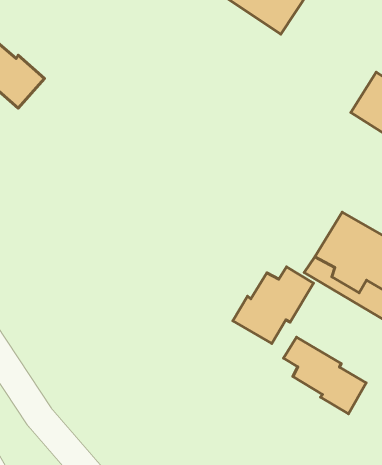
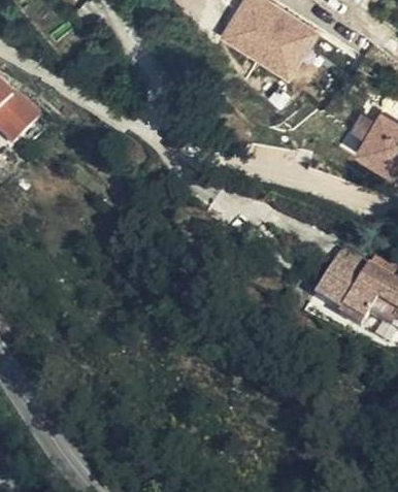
building: [233,267,313,343] -> none
building: [284,337,366,414] -> none

